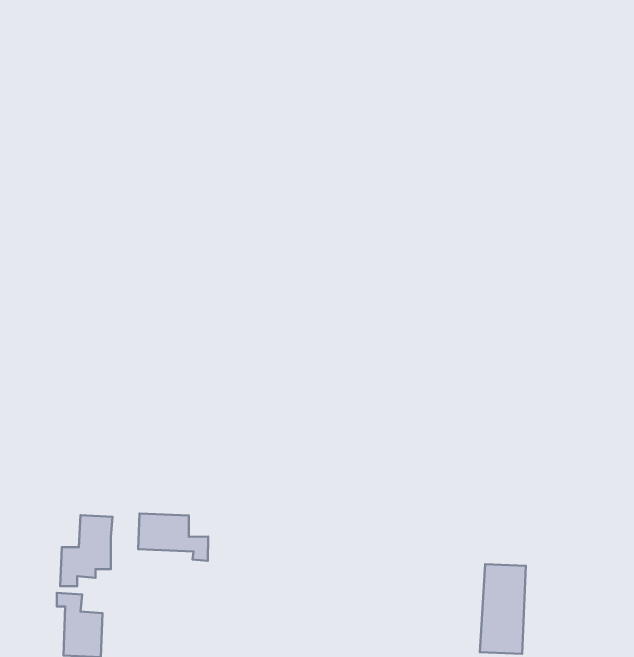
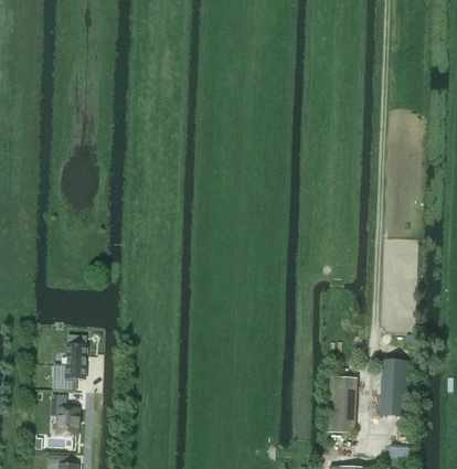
building: [138,514,208,561] -> none
building: none -> [380,359,408,416]

